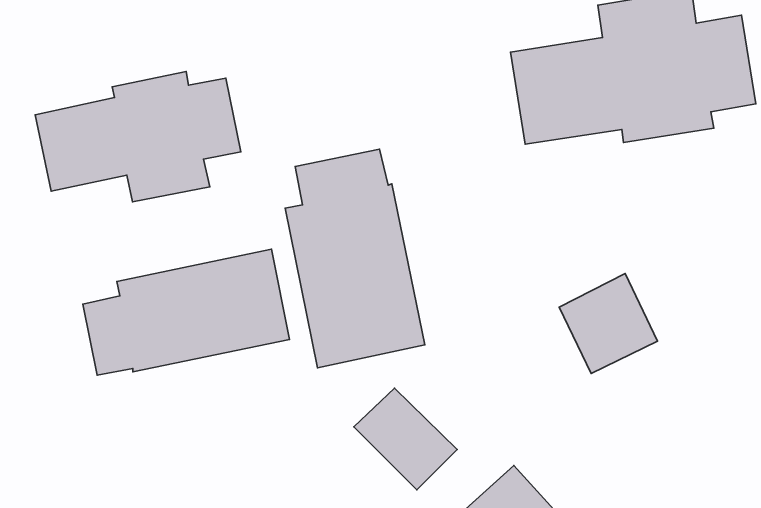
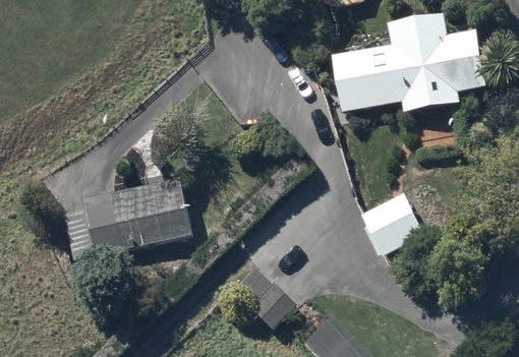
building: [35,72,241,202] -> none
building: [285,149,425,368] -> none

